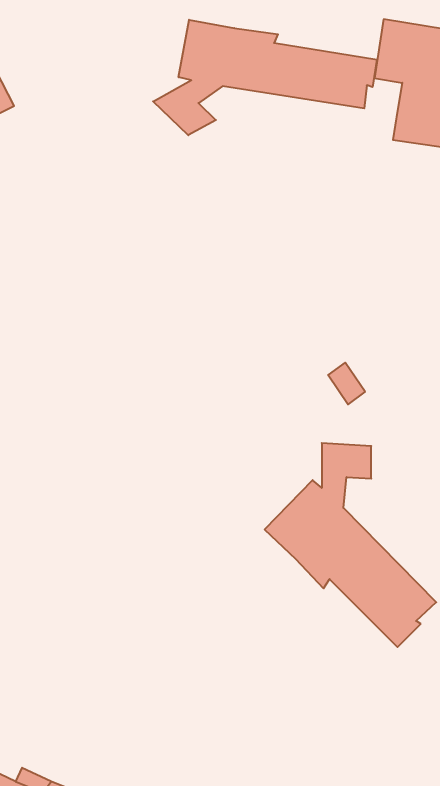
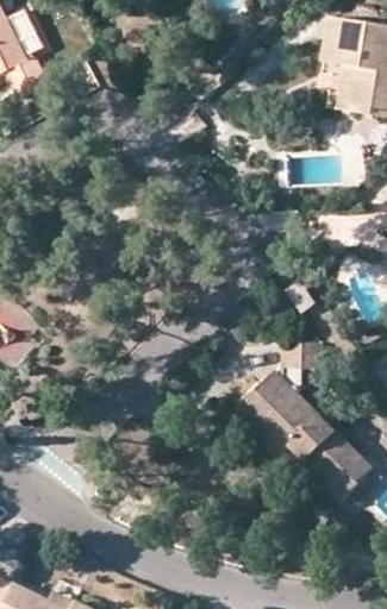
building: [153,20,377,135] -> none

